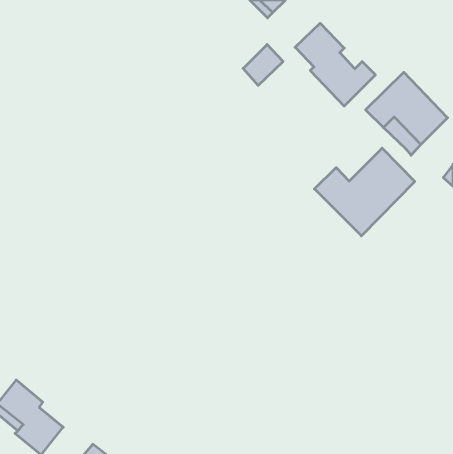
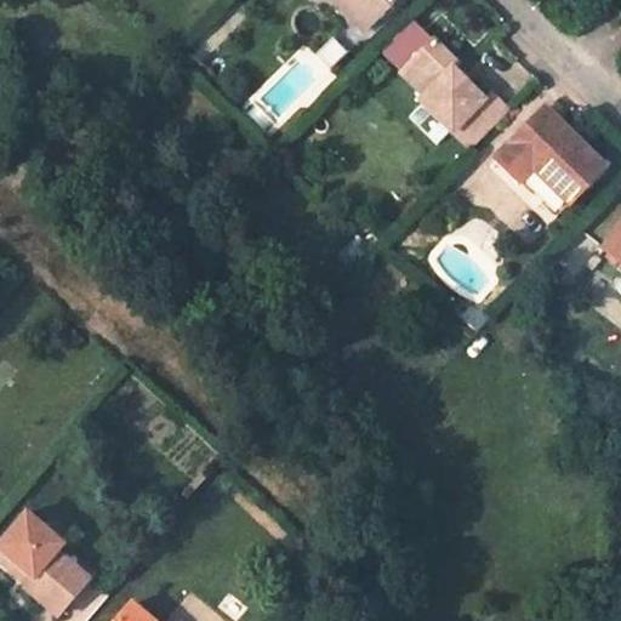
building: [243,44,283,85] -> [381,11,435,67]
building: [314,148,415,236] -> none

